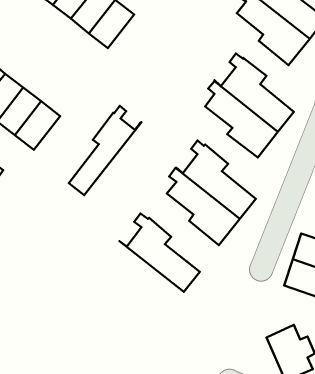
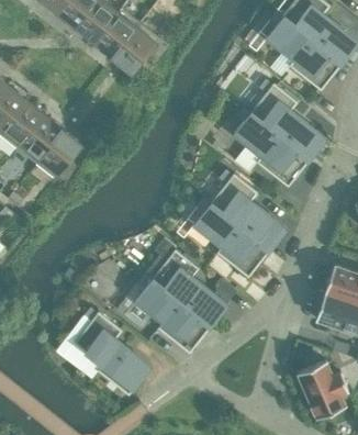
building: [69,106,141,195] -> none
building: none -> [134,274,211,354]
building: none -> [74,308,150,395]

